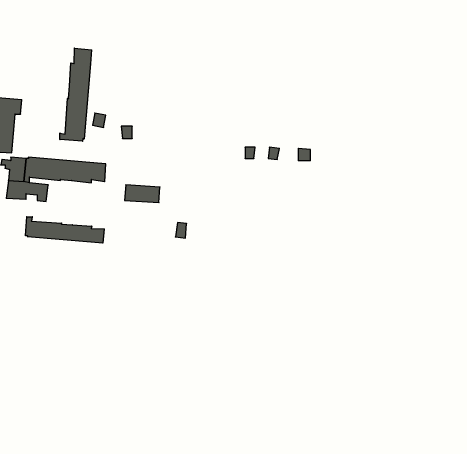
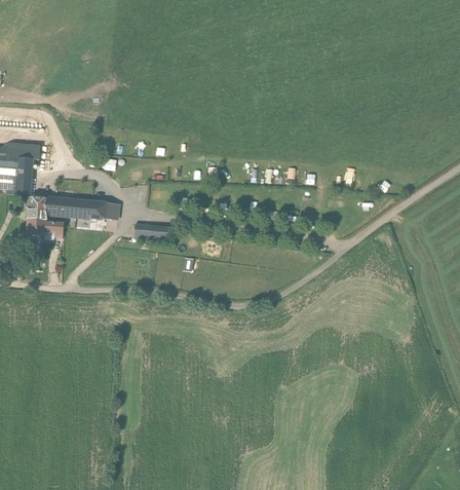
building: [60,48,92,141] -> none
building: [25,217,104,243] -> none

